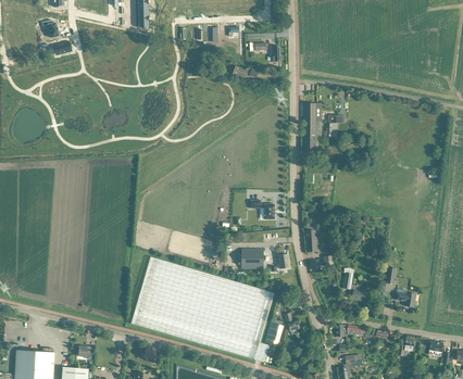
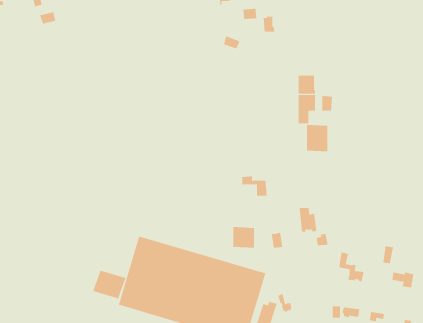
building: none -> [306,124,328,152]
building: none -> [92,270,126,299]

